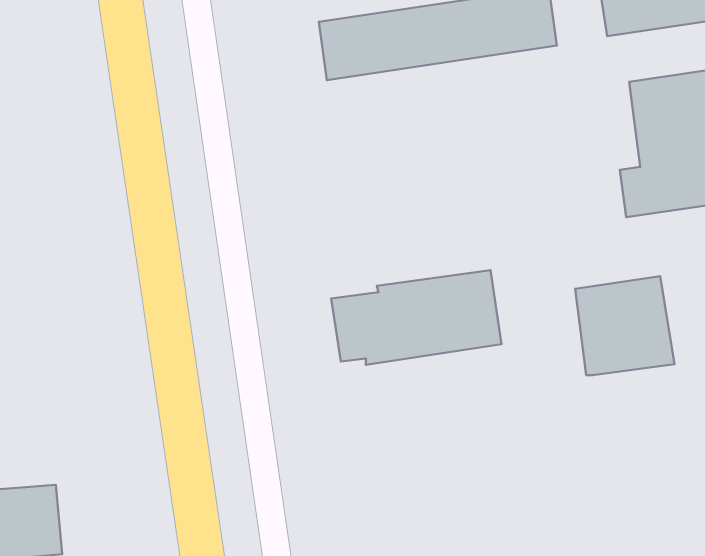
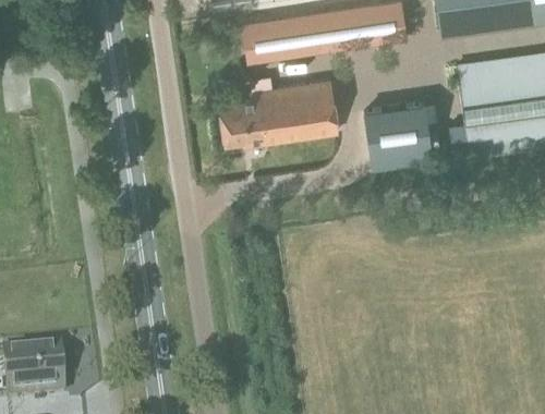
building: [331,270,501,365] -> [220,81,338,146]
building: [575,276,674,375] -> [365,101,434,170]

